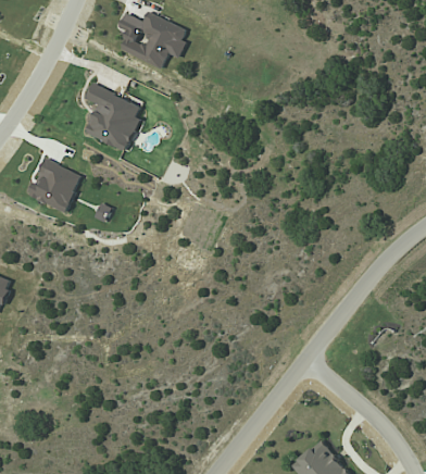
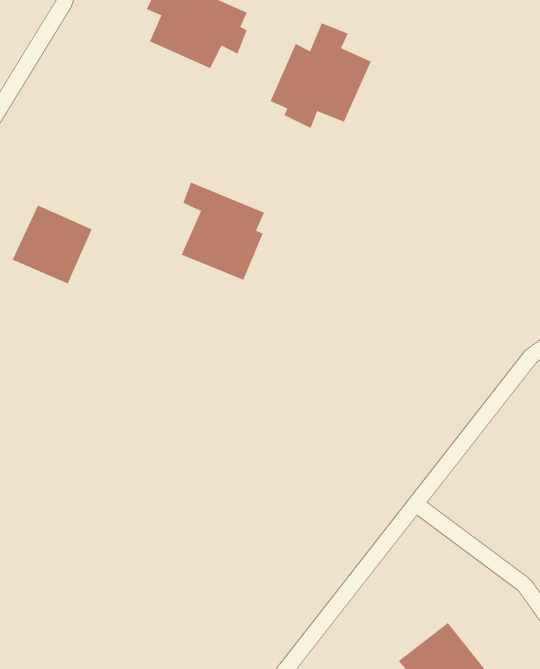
building: none -> [270,22,371,129]
building: [84,85,140,151] -> [181,182,265,281]

